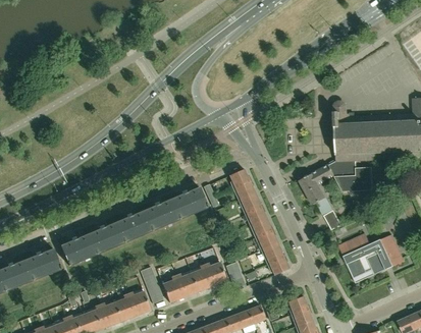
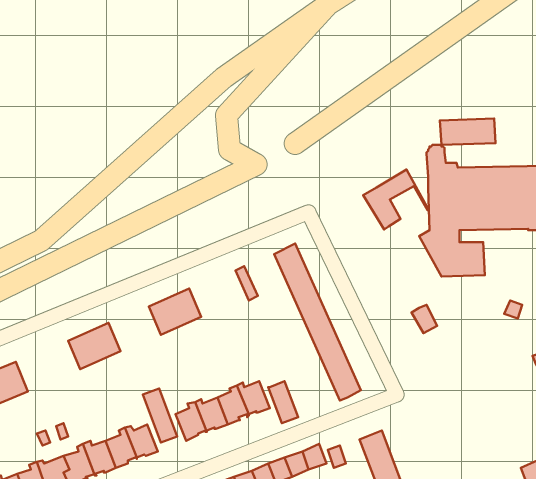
building: none -> [440,119,496,145]
building: [299,163,344,204] -> [363,170,429,229]
building: [171,187,207,218] -> none
building: [116,211,152,241] -> none
building: [338,233,404,278] -> none
building: [61,234,97,265] -> none

